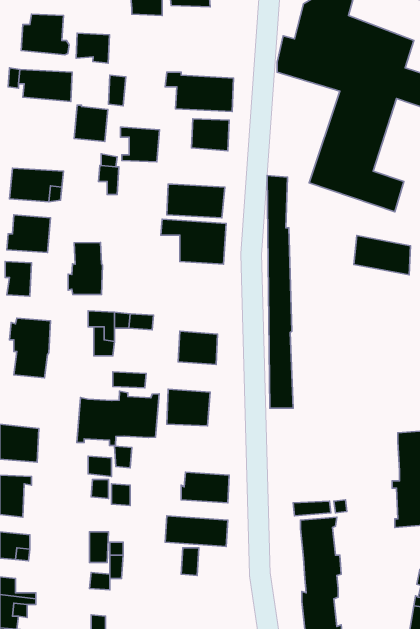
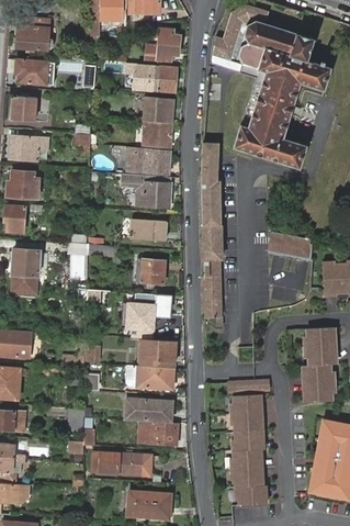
building: none -> [148,27,182,65]
building: [76,33,109,63] -> none
building: [74,105,108,141] -> [12,94,37,122]
building: [120,127,160,162] -> [144,120,173,146]
building: [354,236,411,275] -> [270,230,313,259]
building: [68,242,103,295] -> none
building: none -> [129,219,166,239]
building: [77,391,159,446] -> none
building: none -> [142,338,177,365]
building: none -> [150,422,179,445]
building: none -> [99,452,150,475]

